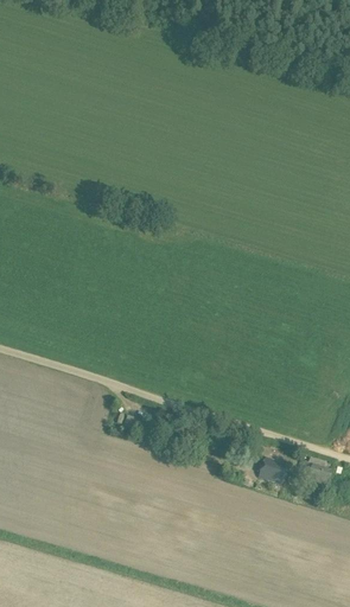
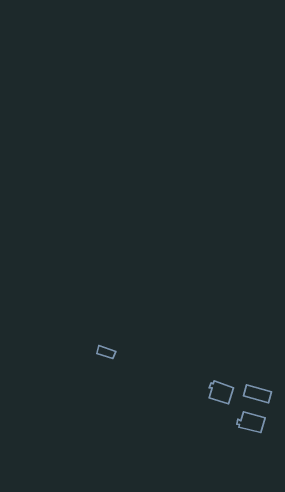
building: none -> [237,412,265,433]

